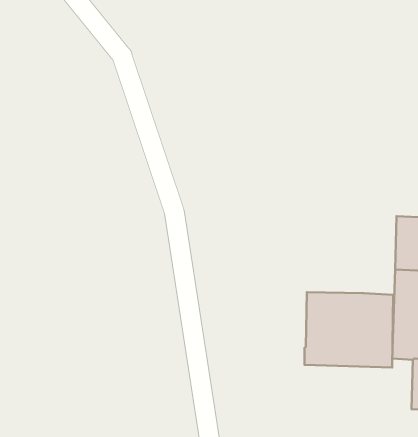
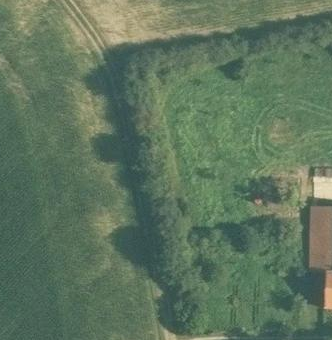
building: [304,292,393,368] -> none

